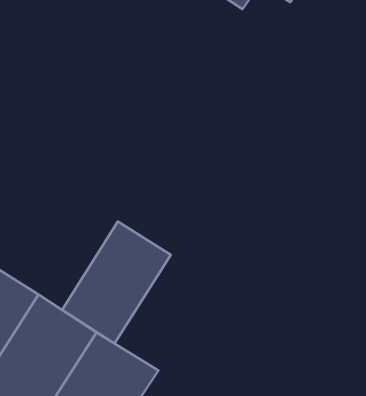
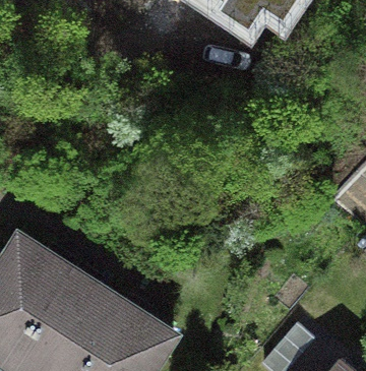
building: [62,222,171,343] -> none

